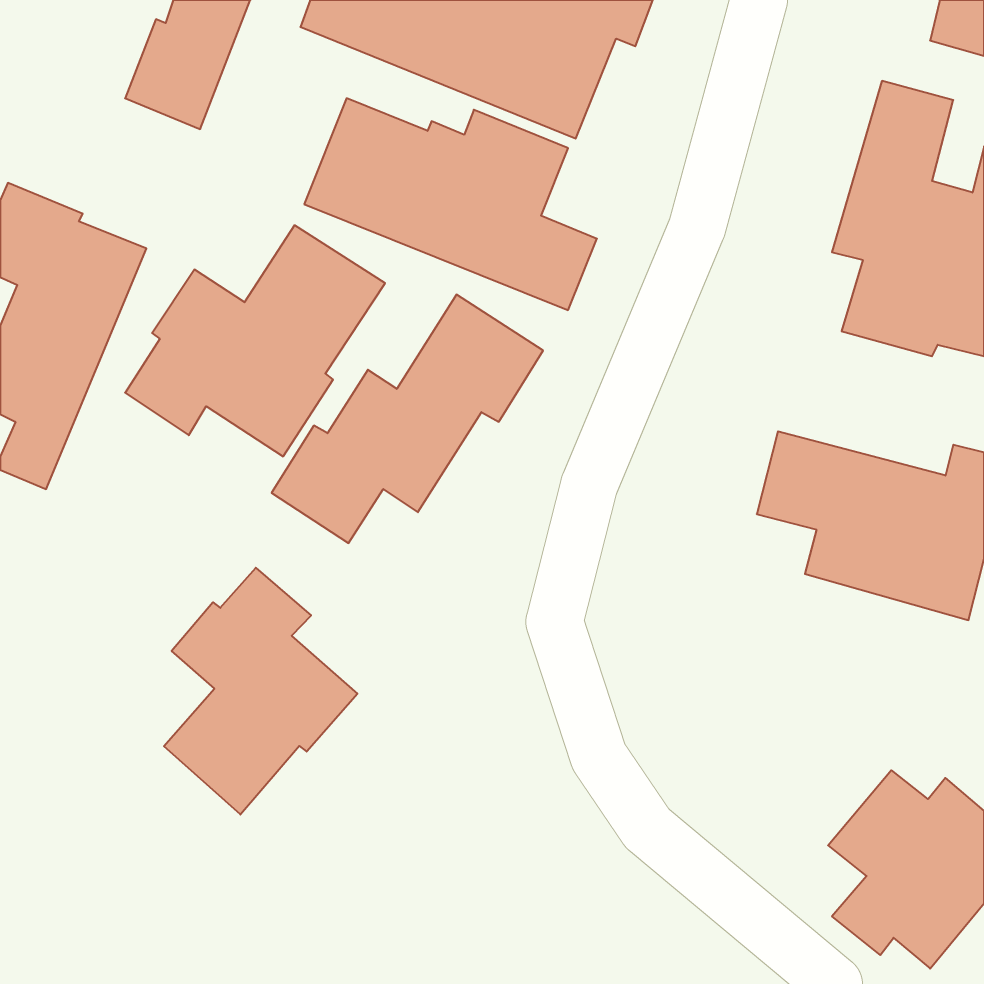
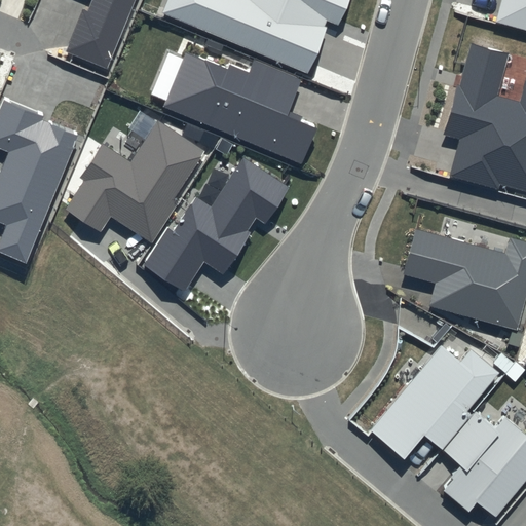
building: [164,568,357,815] -> none
building: none -> [370,345,499,459]

